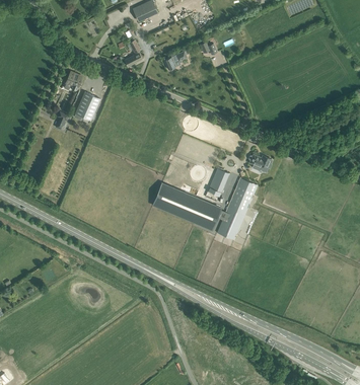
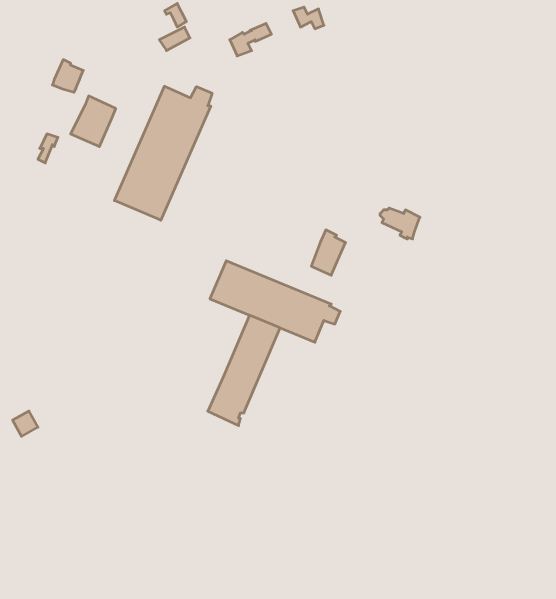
building: none -> [114,86,212,220]
building: [216,178,257,240] -> [208,315,280,426]

